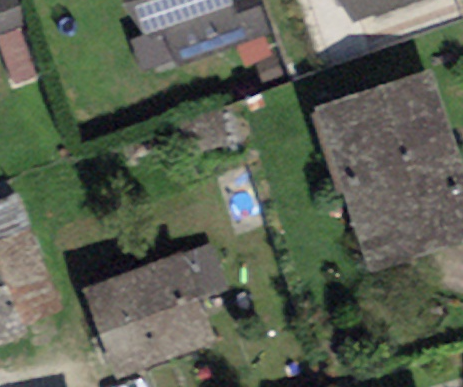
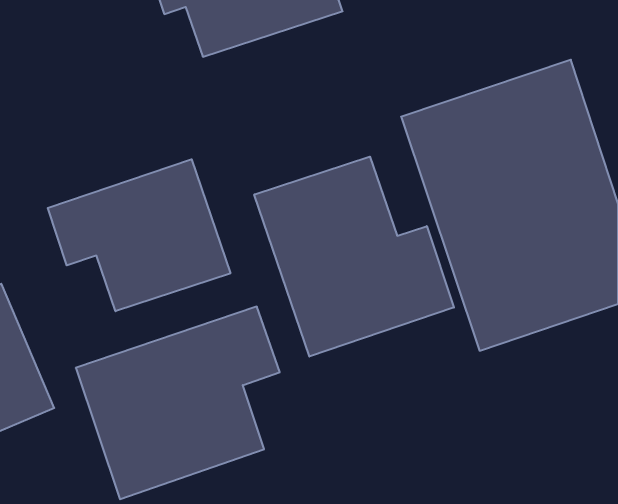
building: none -> [254,157,454,357]
building: none -> [48,159,230,311]

